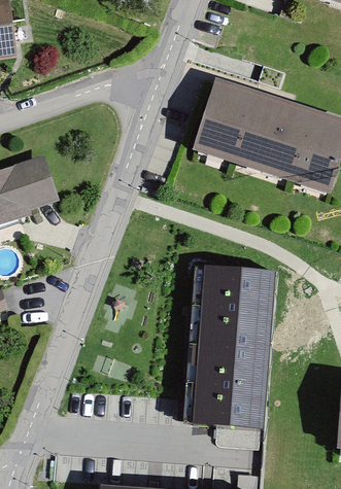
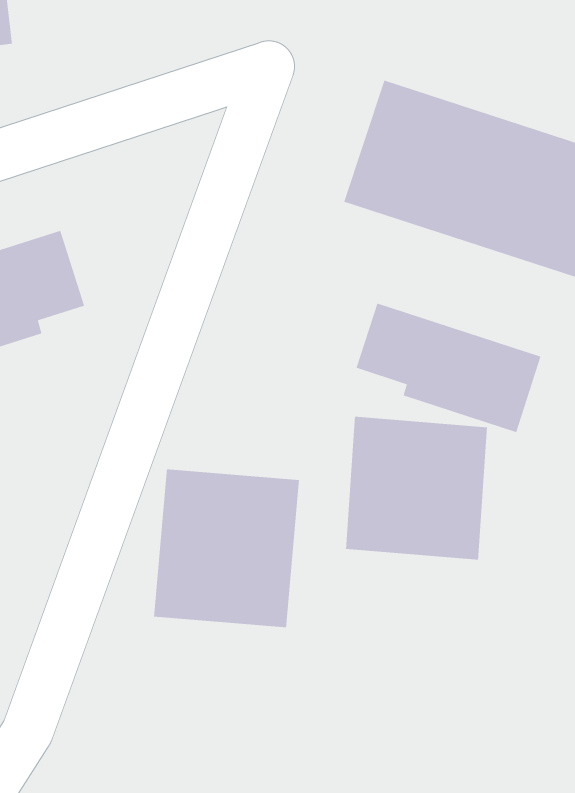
building: none -> [356,303,542,433]
building: [189,338,270,426] -> [153,468,300,628]

